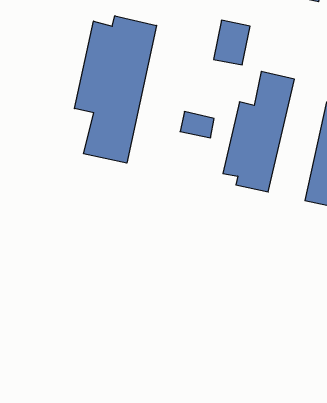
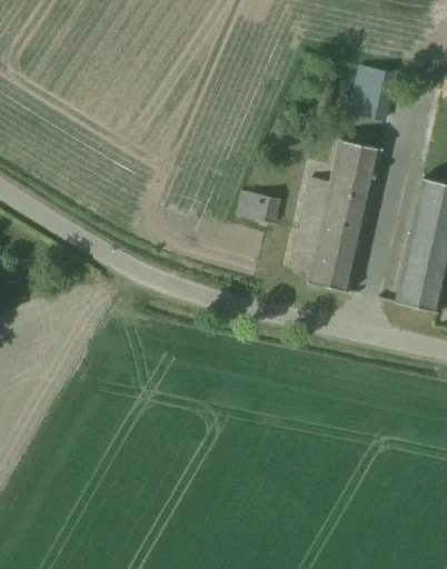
building: [74,16,157,163] -> none
building: [214,20,250,65] -> [348,61,395,118]

